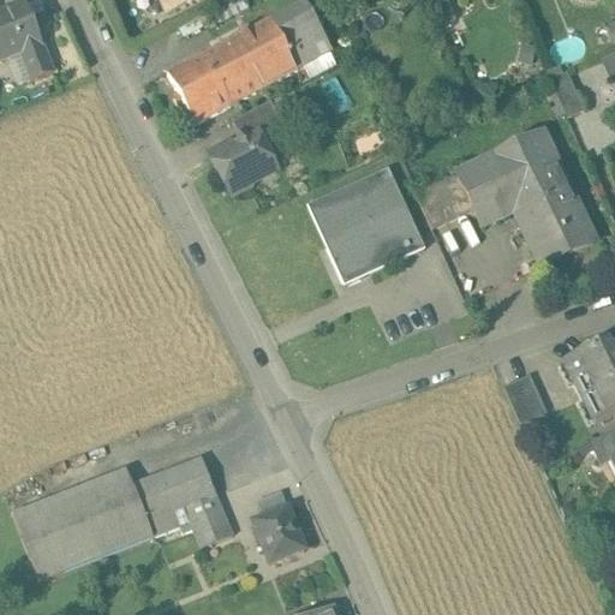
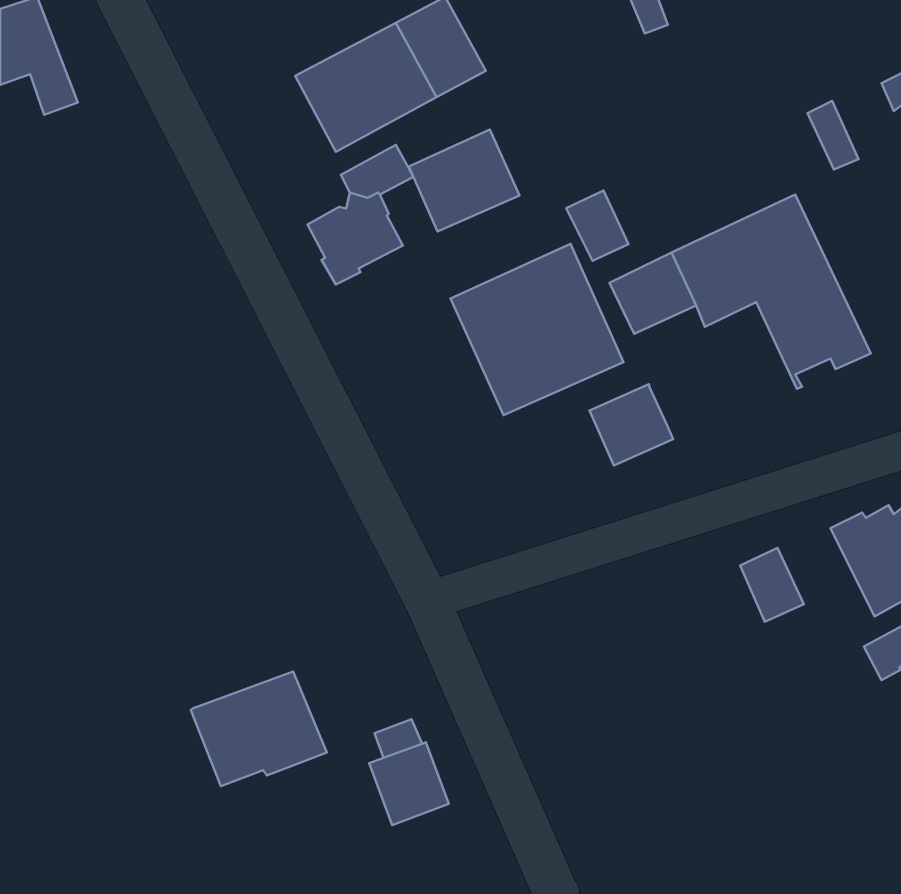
building: [167,52,229,123] -> none
building: none -> [409,129,520,231]
building: none -> [566,190,628,261]
building: none -> [589,384,673,466]
building: [13,467,151,578] -> none
building: [183,512,233,547] -> none

